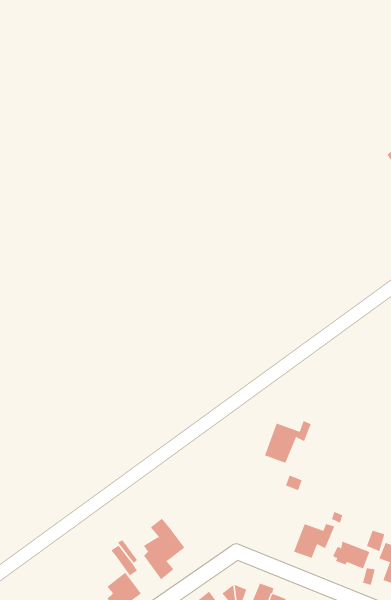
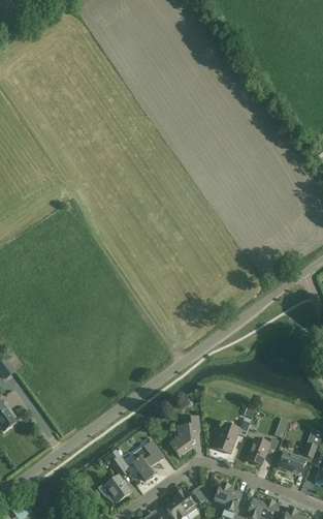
building: [264,420,311,463] -> [214,420,250,453]
building: none -> [169,416,199,454]

